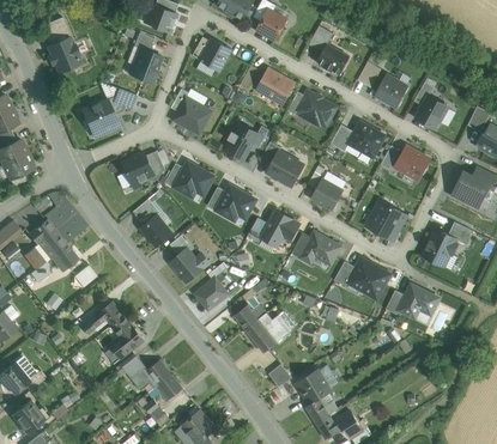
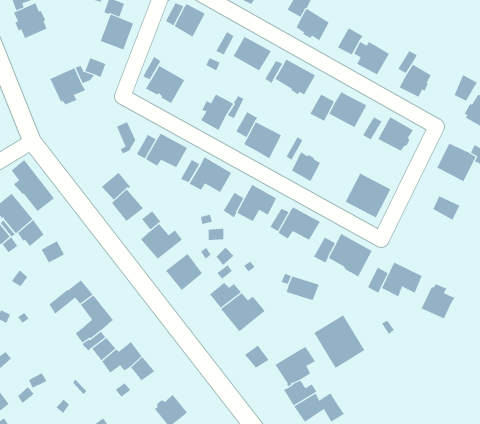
building: [123,153,154,184] -> none
building: [423,232,457,266] -> none
building: none -> [421,283,455,319]
building: none -> [313,314,365,369]

